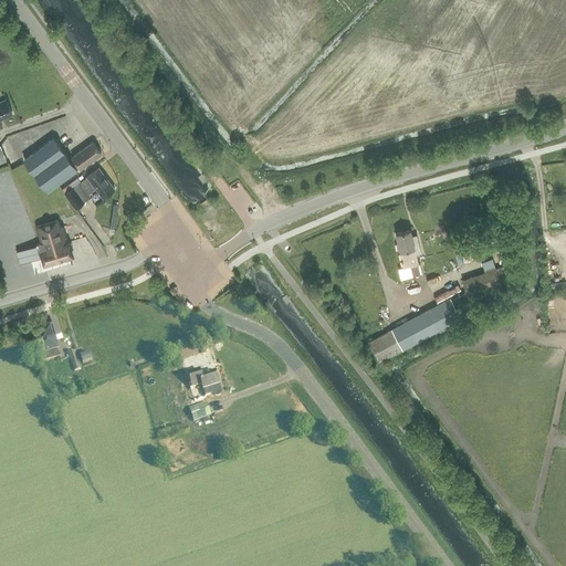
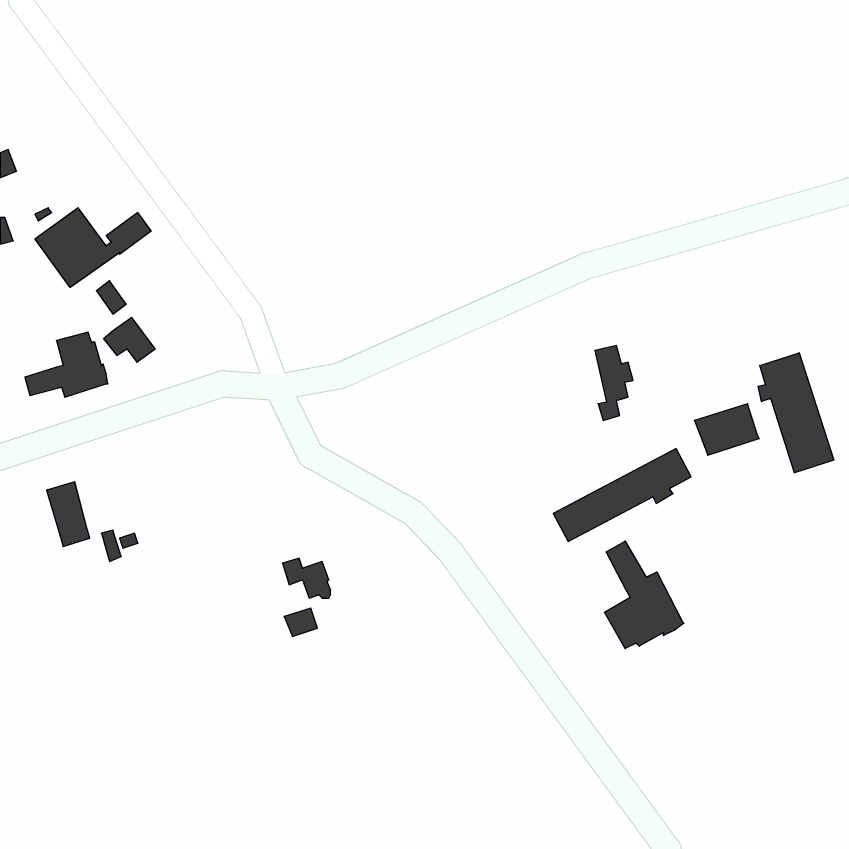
building: [81,167,115,197] -> [104,317,155,362]
building: none -> [758,353,834,473]
building: none -> [604,541,684,649]

